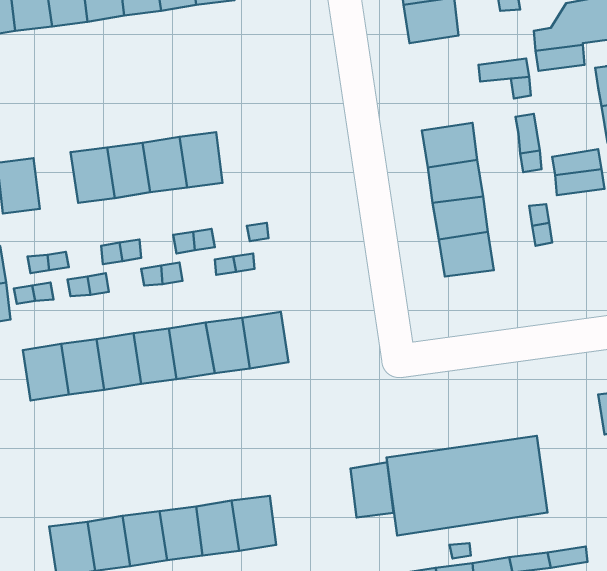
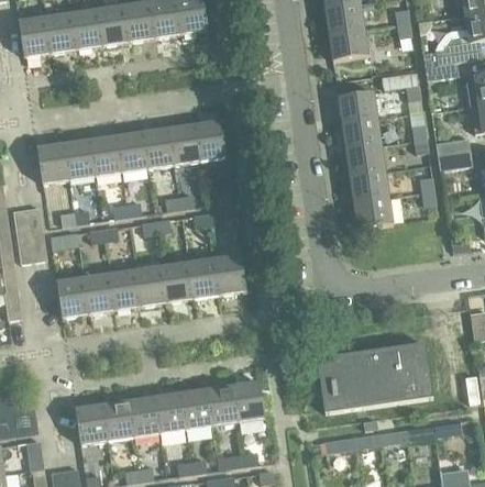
building: none -> [339,91,378,124]
building: none -> [195,121,225,162]
building: none -> [64,140,96,180]
building: [350,462,393,518] -> [233,381,264,421]

